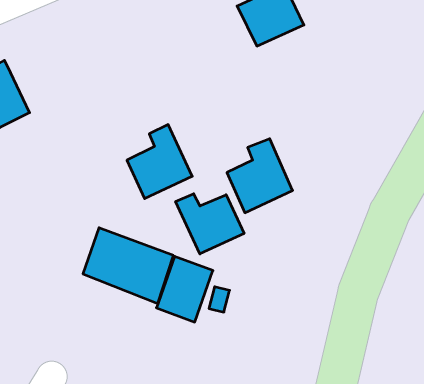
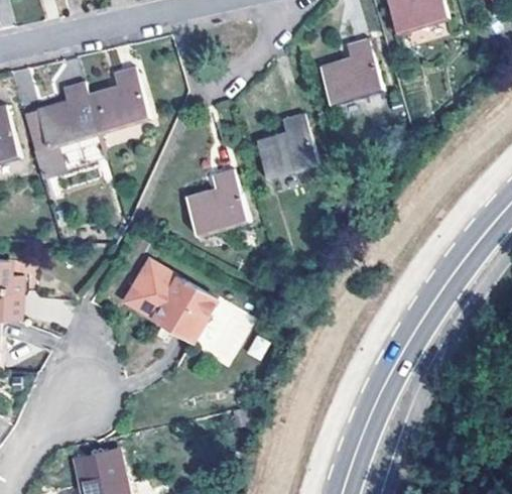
building: none -> [86,64,150,134]
building: [227,139,293,213] -> [256,113,317,181]
building: [176,194,244,254] -> none

